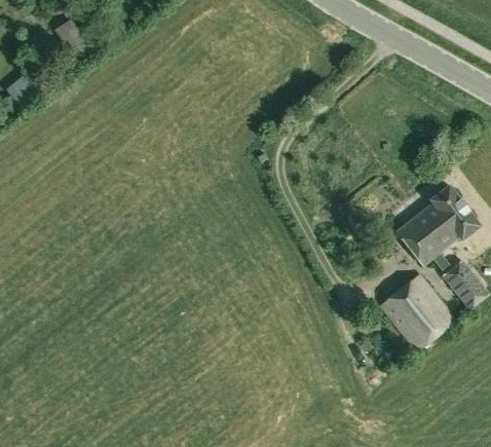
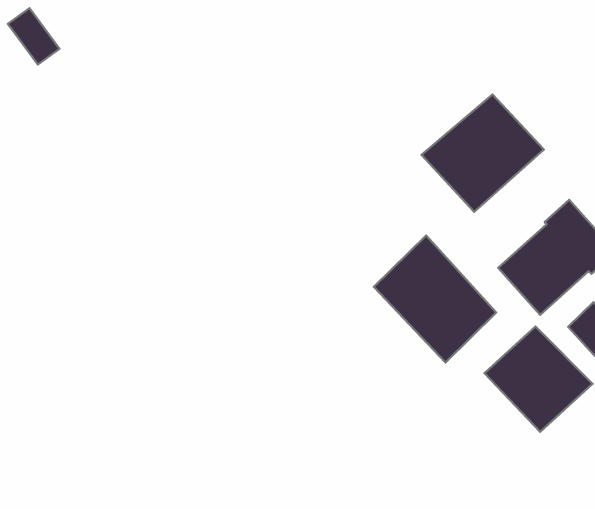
building: none -> [421,94,544,212]
building: none -> [374,236,496,363]

